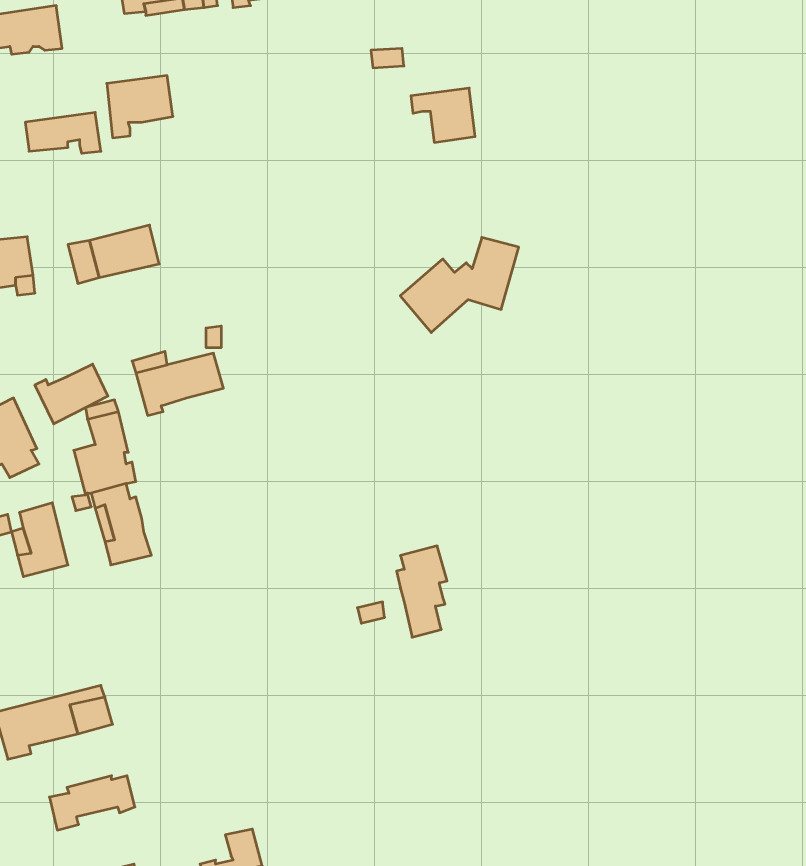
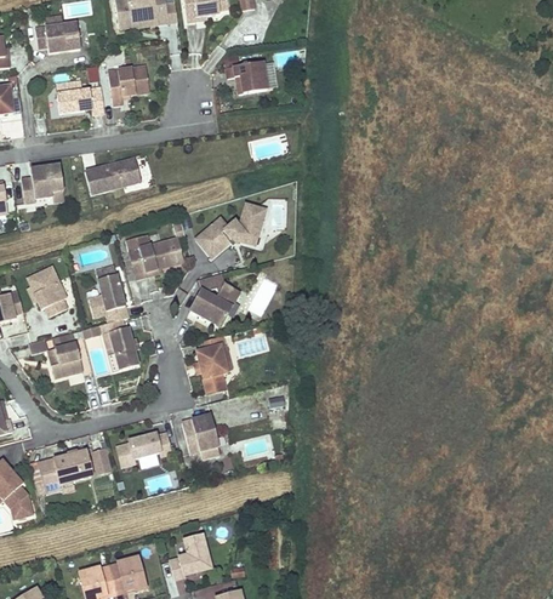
building: [411,88,475,142] -> [227,61,267,95]
building: [400,237,519,333] -> [190,198,264,257]
building: [35,364,108,424] -> none
building: none -> [189,273,235,326]
building: [397,546,447,637] -> [195,336,227,393]
building: none -> [179,418,217,453]
building: [49,776,135,830] -> [116,433,170,467]

